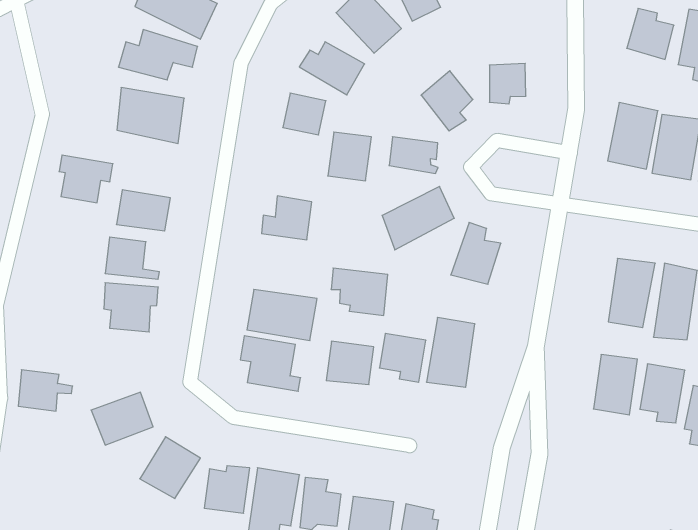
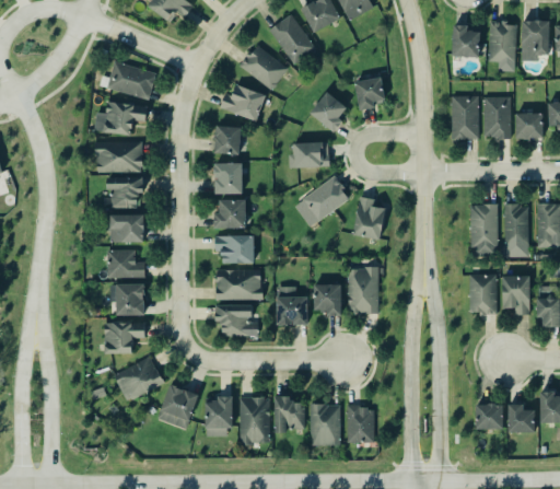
building: [328,132,371,181] -> [213,162,242,195]
building: [59,155,113,203] -> [105,177,142,207]
building: [331,268,388,315] -> [214,234,256,265]
building: [18,370,73,411] -> [106,323,144,350]

